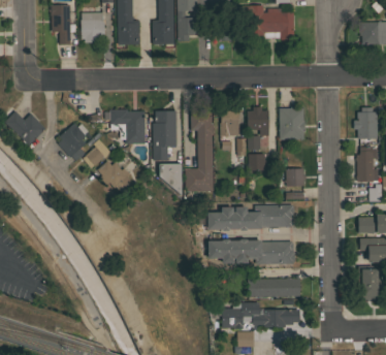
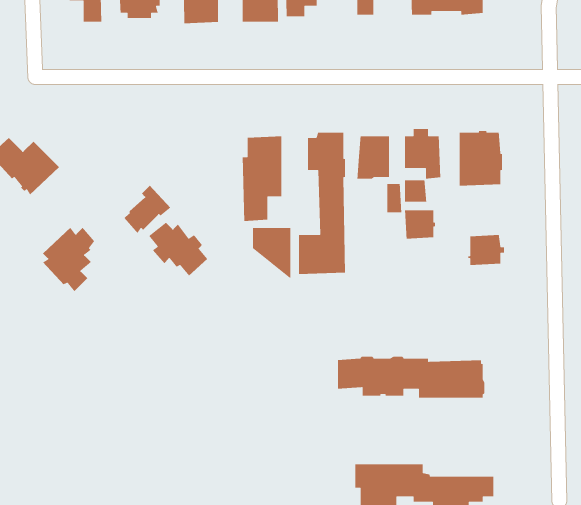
building: [110,109,146,143] -> none
building: [58,123,89,161] -> [42,227,95,292]
building: [207,204,295,231] -> none
building: [249,278,300,298] -> none

